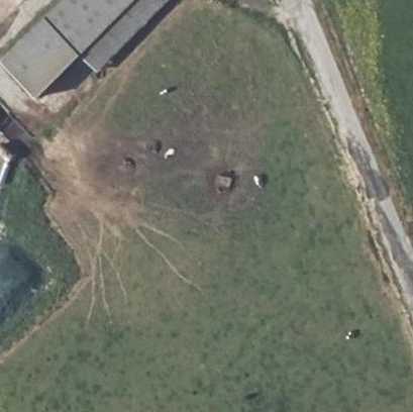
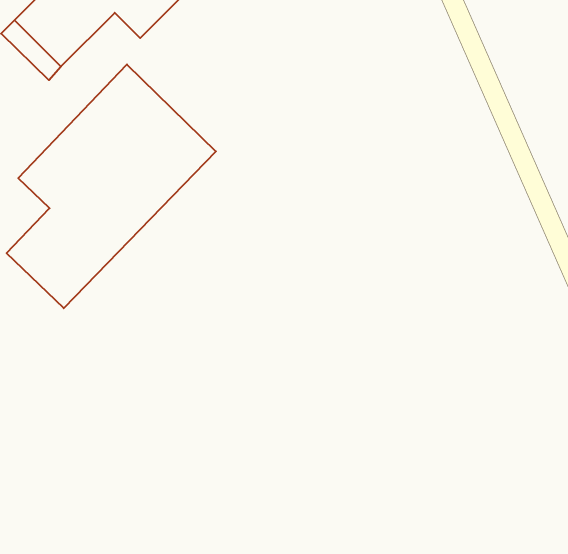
building: none -> [7,64,216,308]

